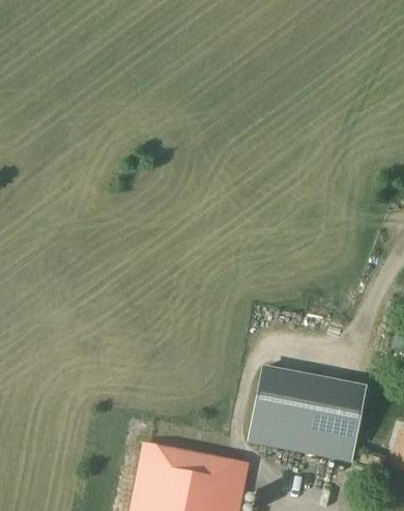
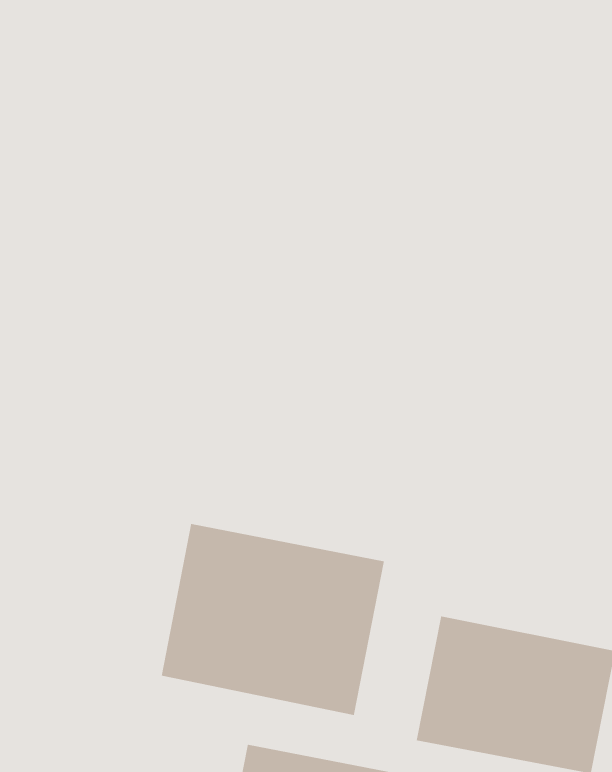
building: none -> [161,523,385,716]

